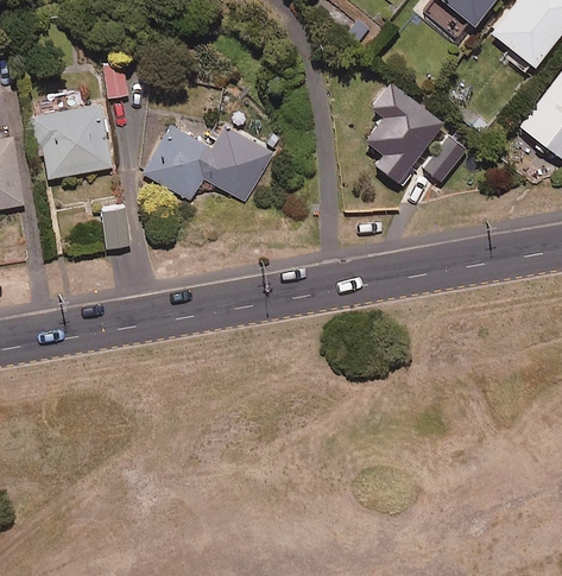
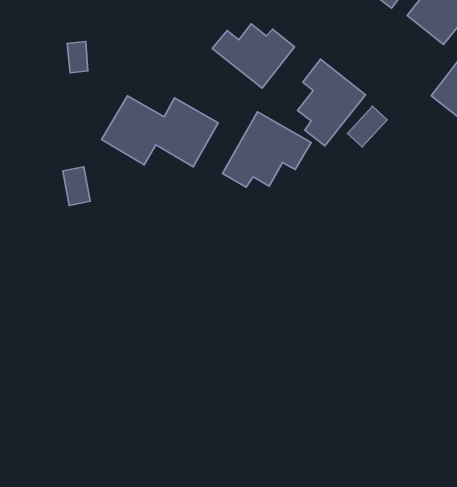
building: none -> [212,24,294,88]
building: [33,103,112,179] -> none
building: none -> [223,112,311,187]

